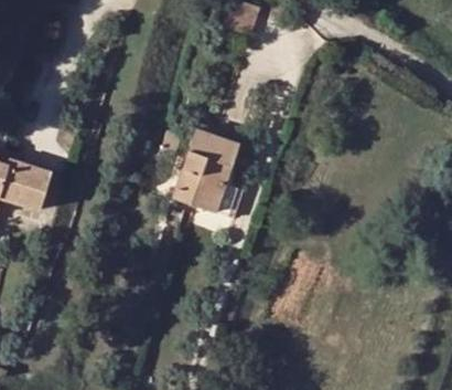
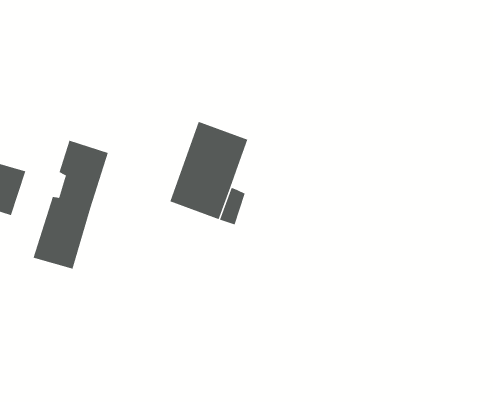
building: none -> [33,140,109,270]

